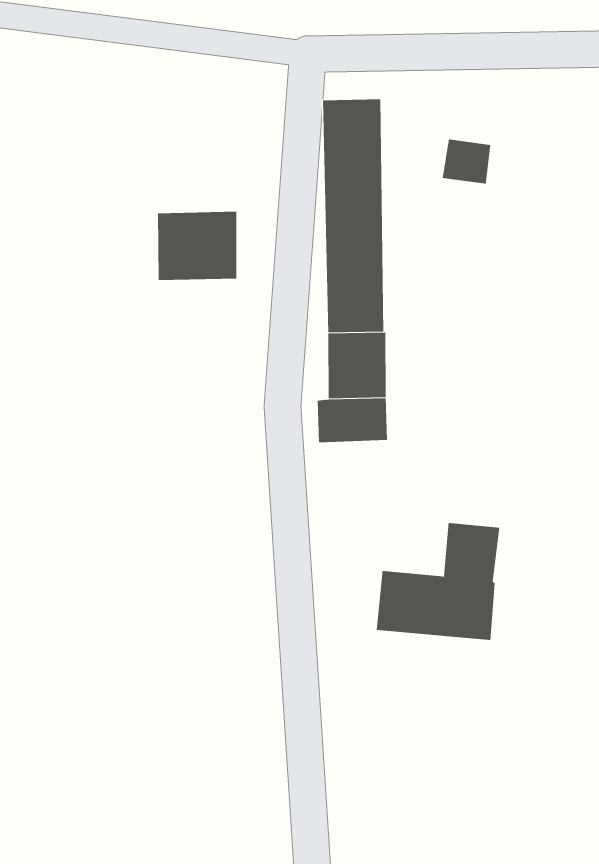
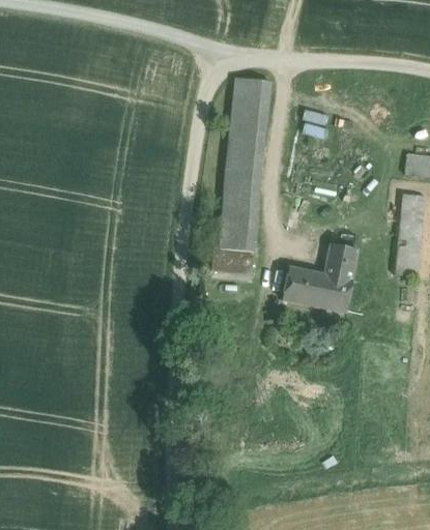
building: [158,211,237,281] -> none
building: [376,522,500,641] -> [282,243,359,313]

